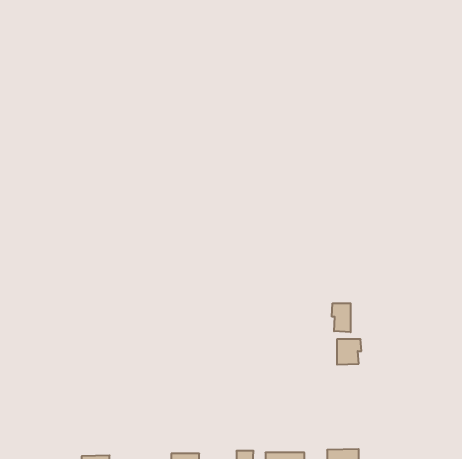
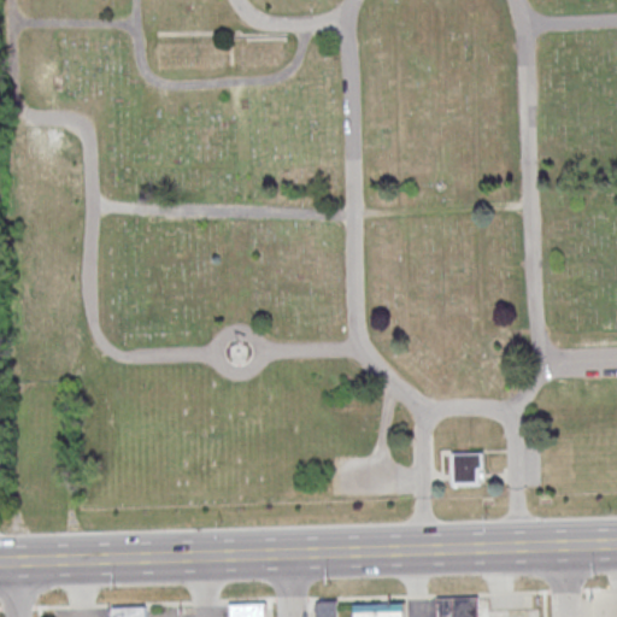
building: [332,303,351,332] -> none

